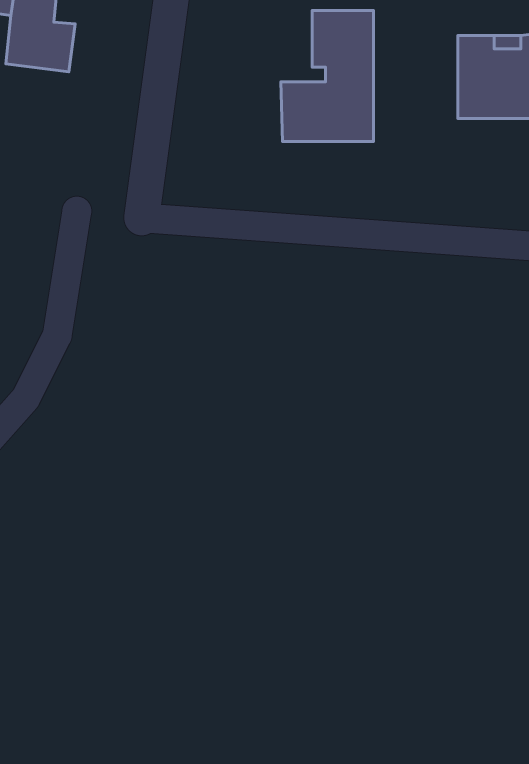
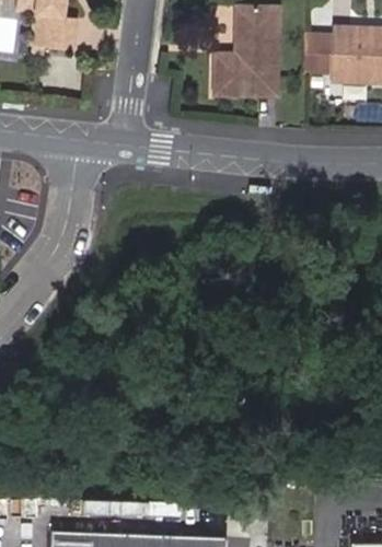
building: none -> [303,34,331,69]

